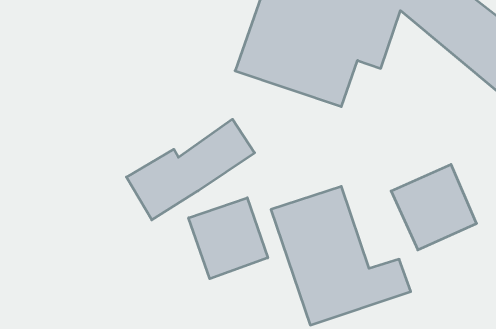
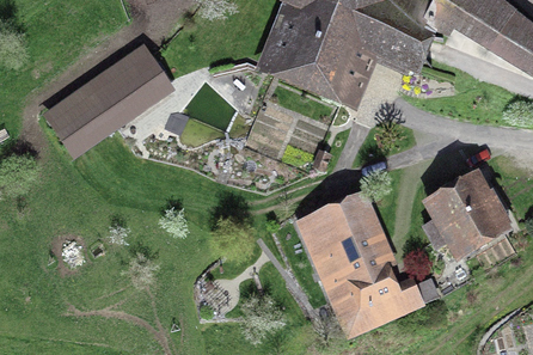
building: [126,119,255,220] -> [43,51,176,155]
building: [189,198,268,279] -> none

